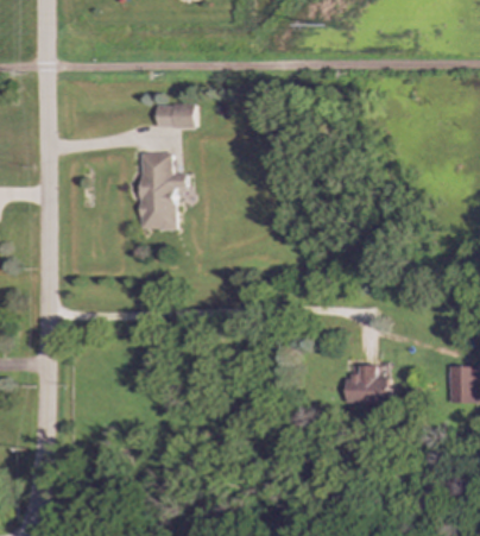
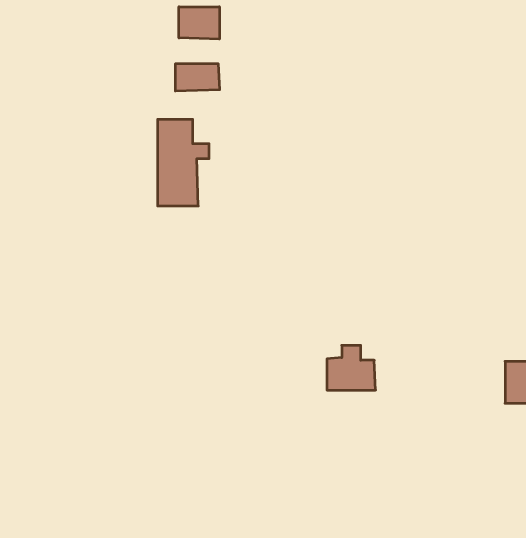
building: none -> [179,7,219,39]
building: [343,365,386,404] -> [327,345,376,390]

